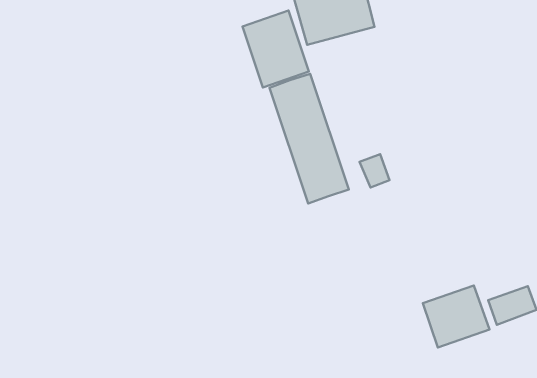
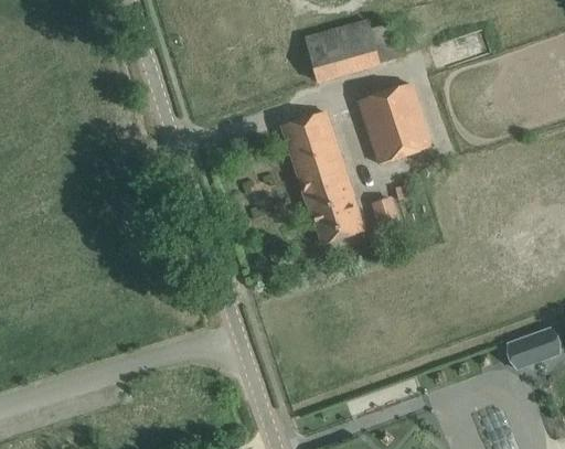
building: [242,10,309,88] -> [358,83,426,162]
building: [423,286,489,347] -> none

